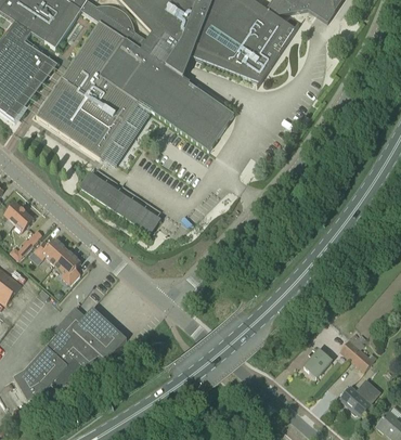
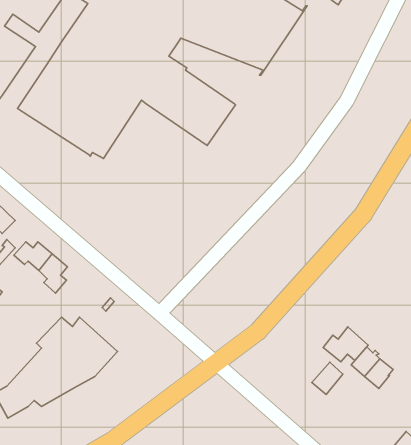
building: [82,171,161,234] -> none
building: none -> [323,327,368,362]
building: [340,386,371,415] -> none

